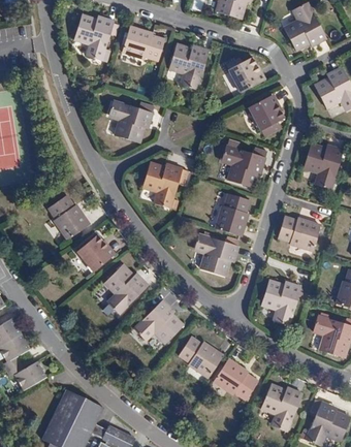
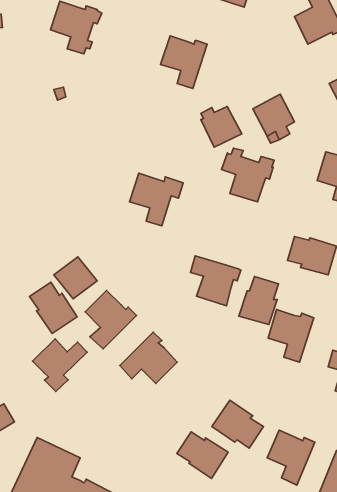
building: [122,26,165,60] -> none
building: [229,57,264,92] -> [201,106,242,147]
building: [108,100,154,142] -> none
building: [215,193,249,234] -> [239,277,278,324]
building: [47,194,89,238] -> [29,282,77,334]
building: none -> [33,339,87,392]
building: [178,337,222,377] -> [177,432,228,479]

